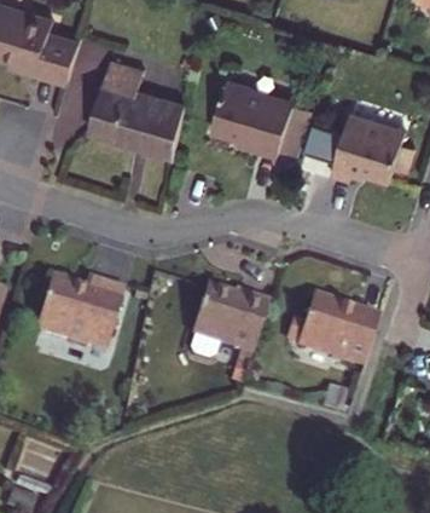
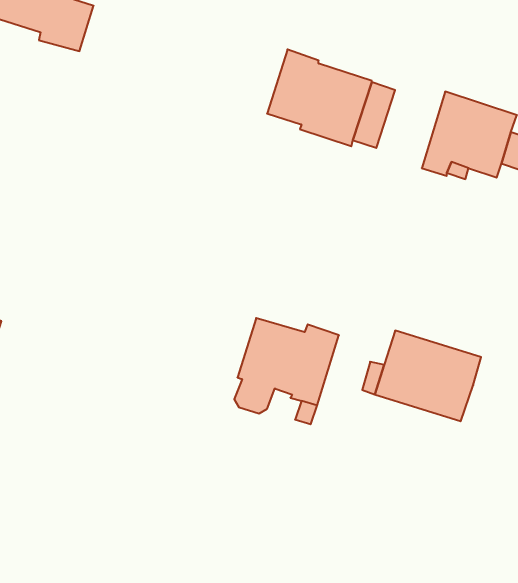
building: [89,59,185,155] -> none
building: [34,277,124,350] -> none

